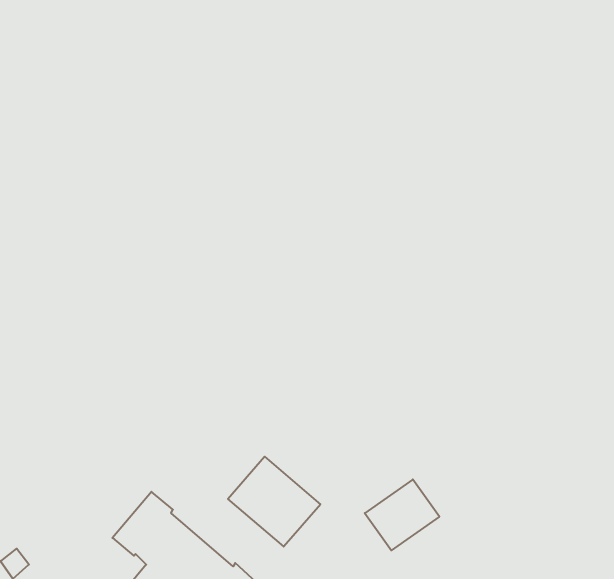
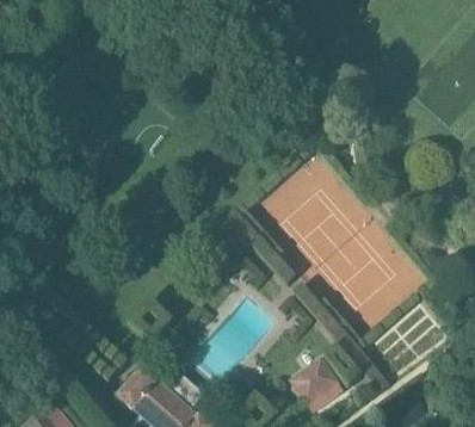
building: [228,457,320,547] -> none

